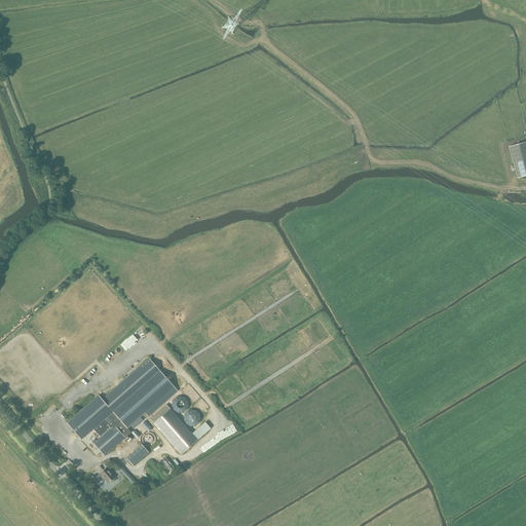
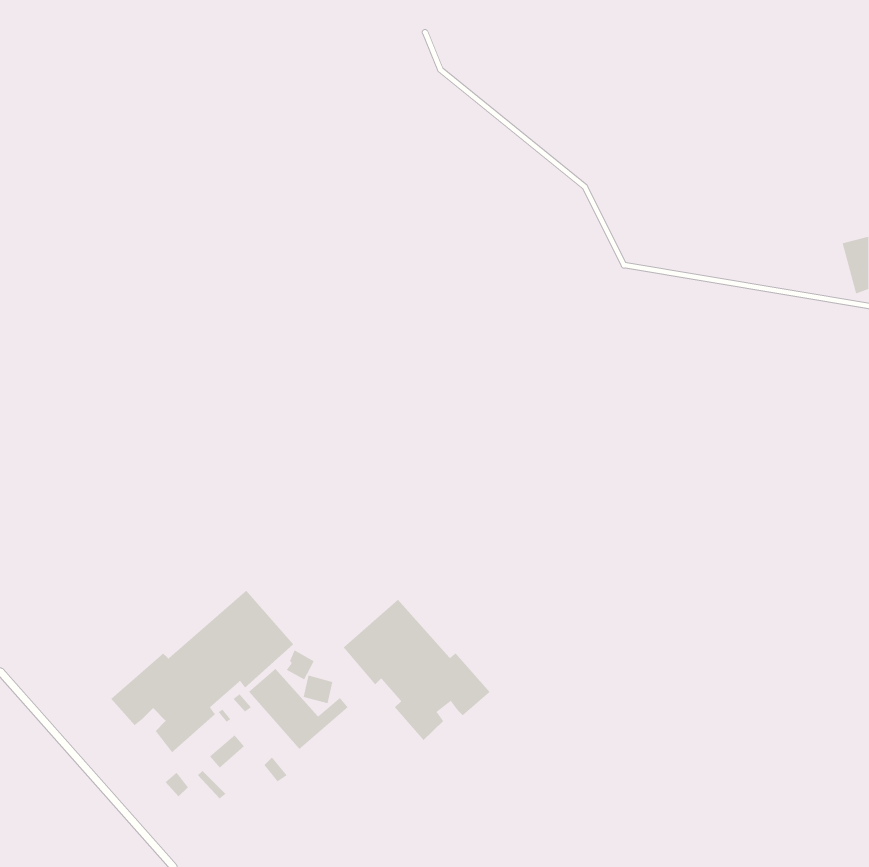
building: none -> [343,599,490,741]

